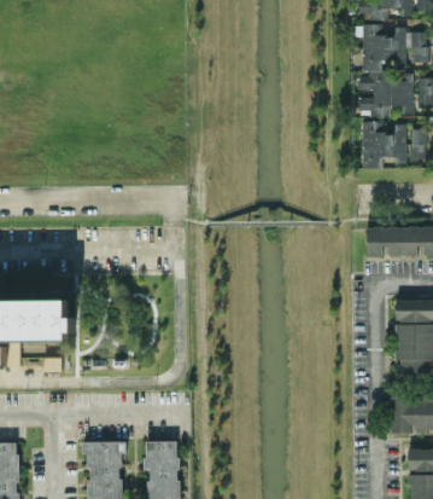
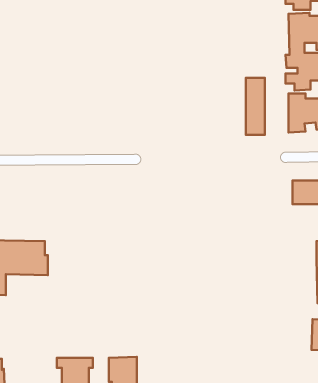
building: none -> [246,78,265,135]

